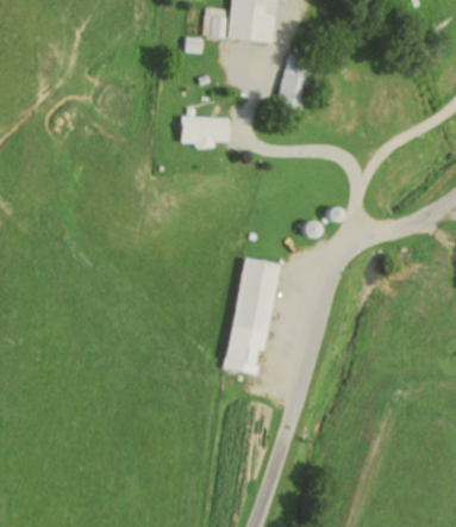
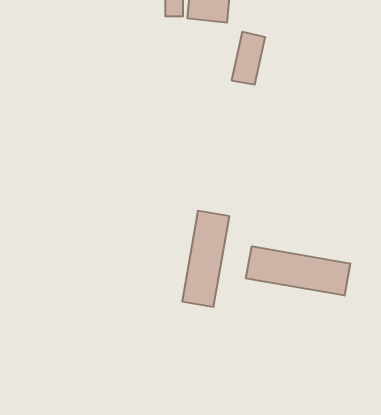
building: [181,117,232,145] -> none
building: none -> [246,246,350,296]

